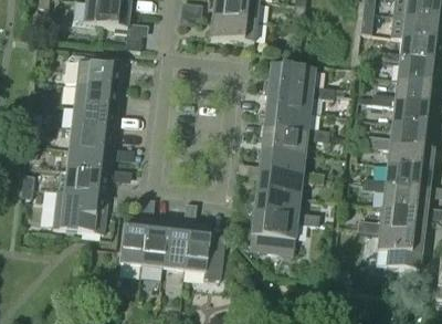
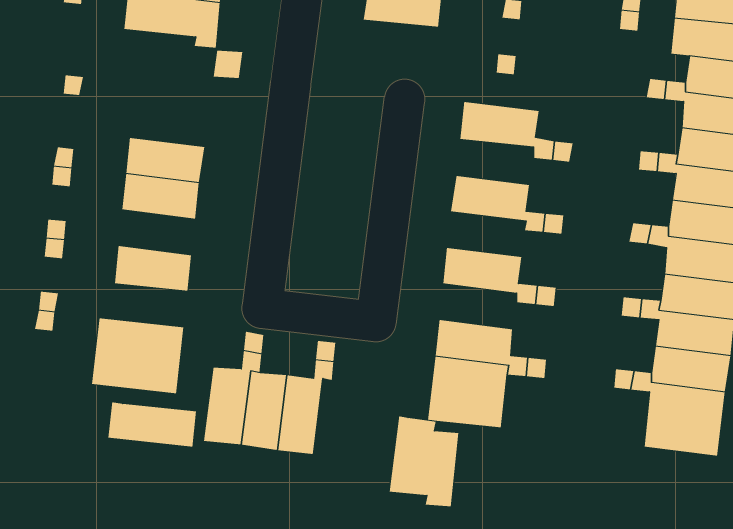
building: [210,17,256,43] -> none
building: [66,54,123,91] -> none
building: [266,86,312,113] -> none
building: [70,127,115,154] -> none
building: [261,128,307,155] -> none
building: [59,169,110,196] -> [108,402,197,447]
building: [256,170,302,197] -> none
building: [183,226,224,279] -> [389,416,459,507]

